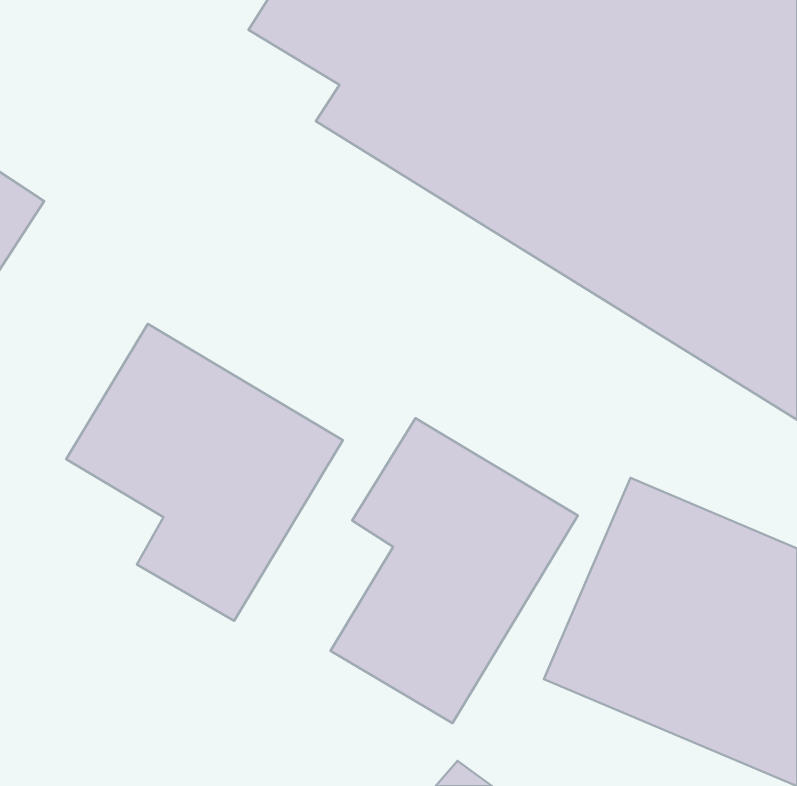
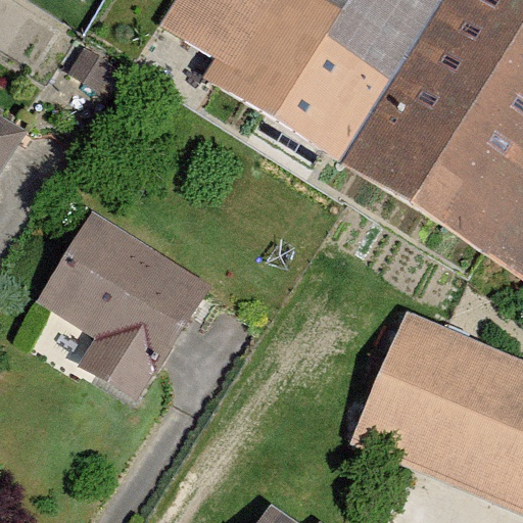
building: [331,418,578,723] -> none

